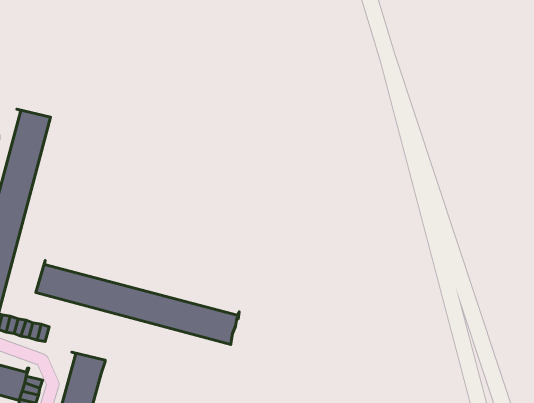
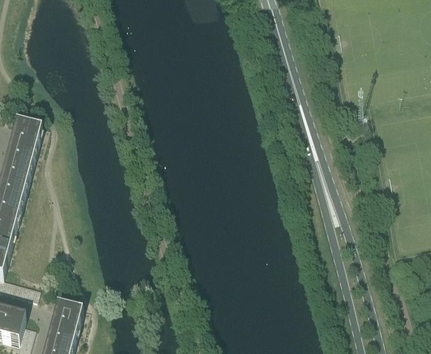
building: [36,261,239,344] -> none

